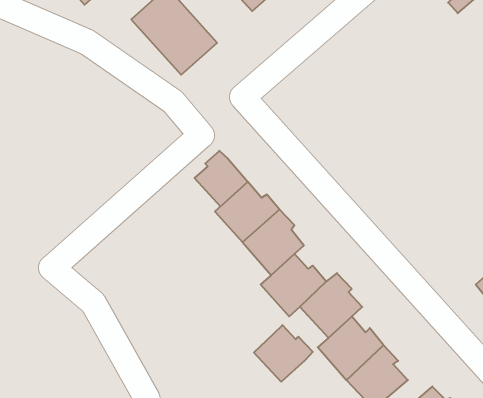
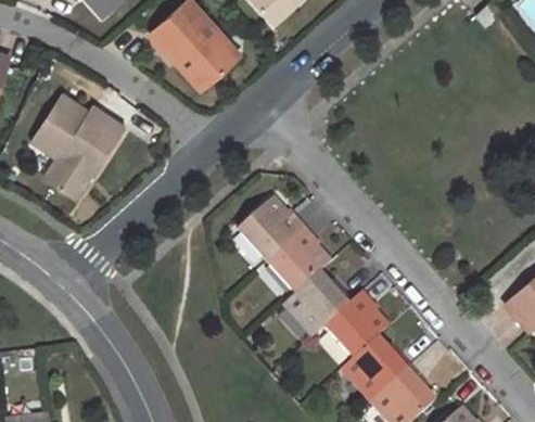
building: none -> [31,94,124,200]
building: [195,151,248,206] -> none
building: [254,325,313,382] -> none

